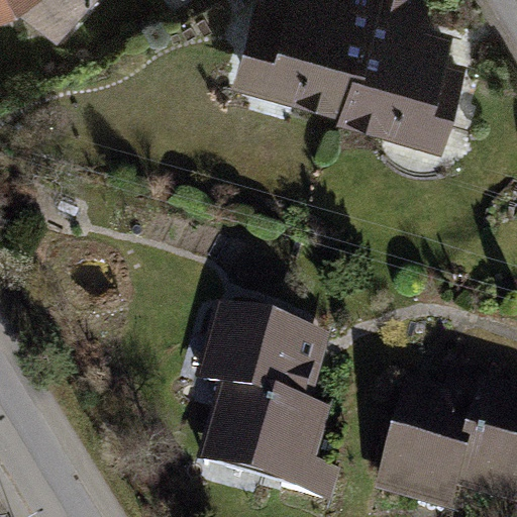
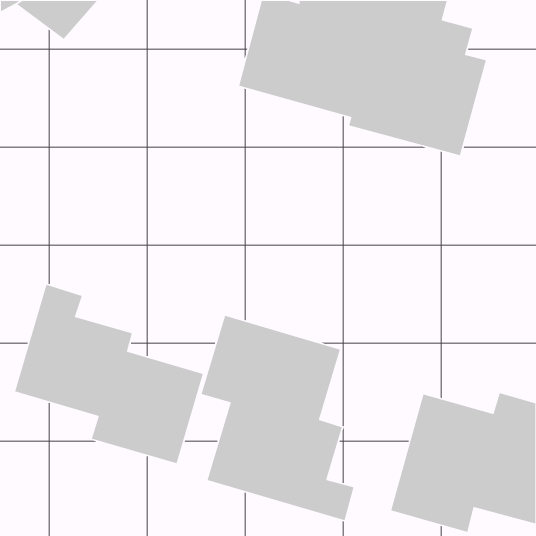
building: none -> [14,284,204,464]

